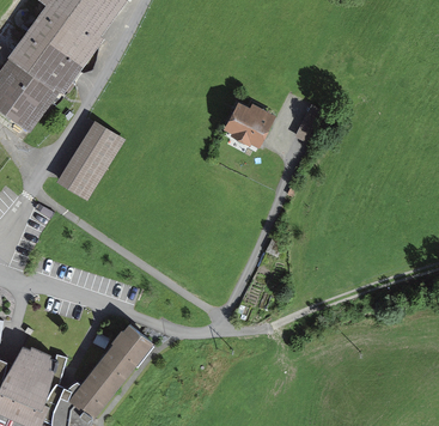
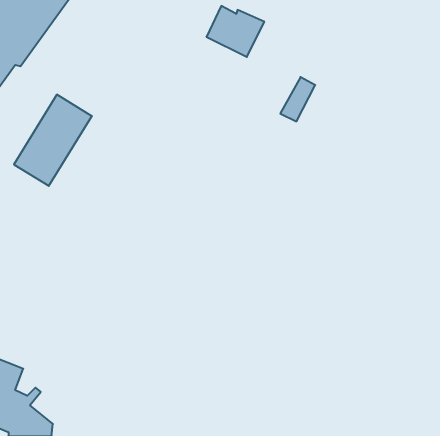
building: [224,103,275,148] -> [206,6,264,57]
building: [71,327,150,414] -> none

